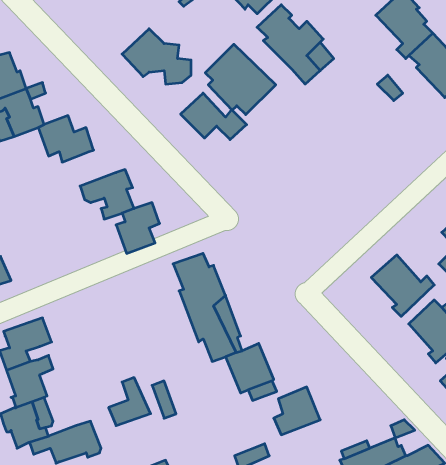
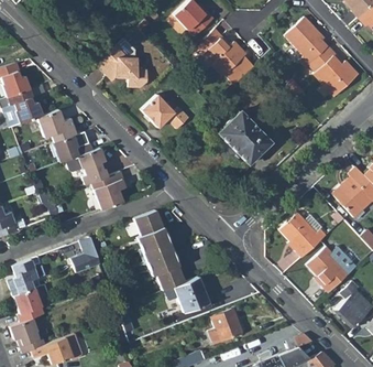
building: [205,44,276,115] -> [218,111,270,163]
building: none -> [53,130,94,162]
building: [109,378,151,426] -> [72,237,102,272]

